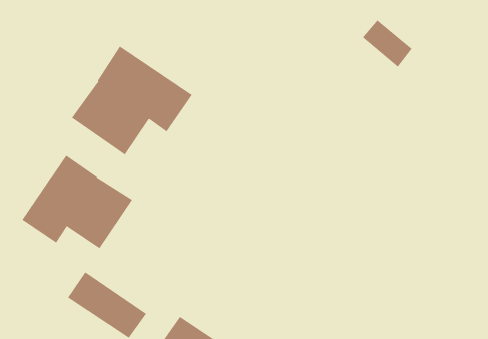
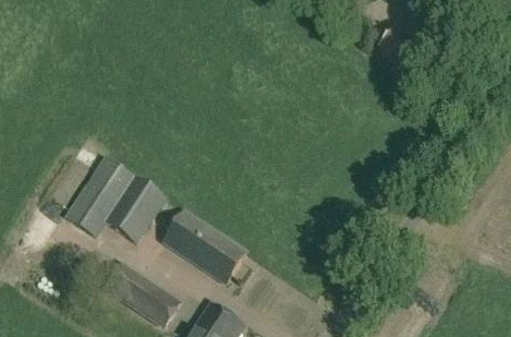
building: [71,45,192,155] -> none
building: none -> [162,209,244,281]

